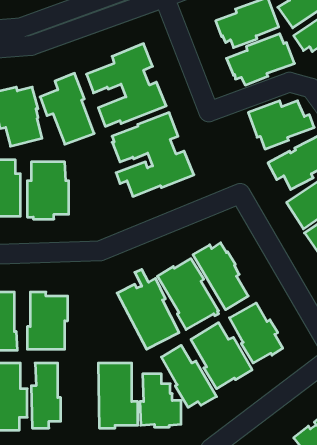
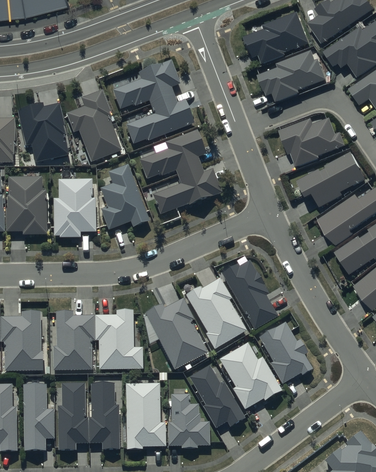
building: none -> [100,164,149,230]
building: none -> [95,310,142,369]
building: none -> [89,383,119,449]

